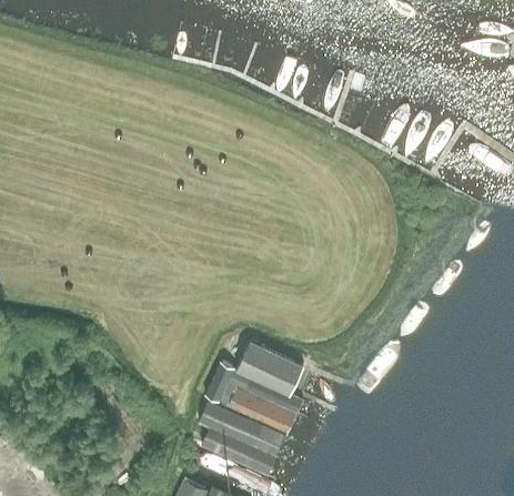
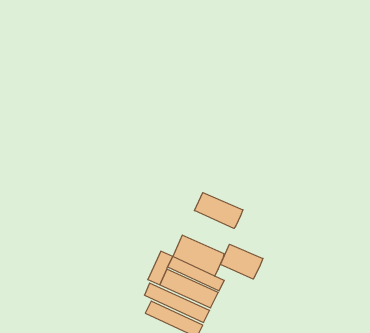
building: none -> [194,193,243,228]
building: none -> [220,244,263,279]

